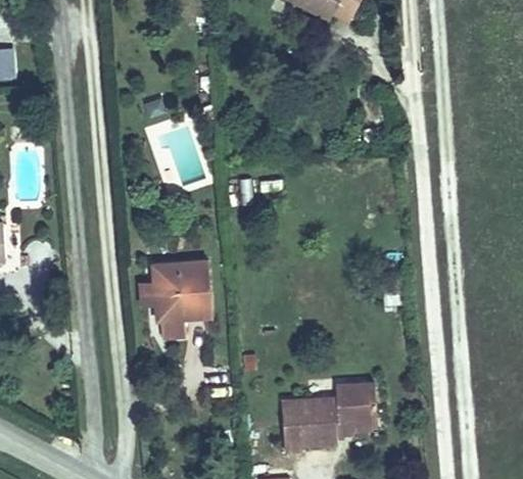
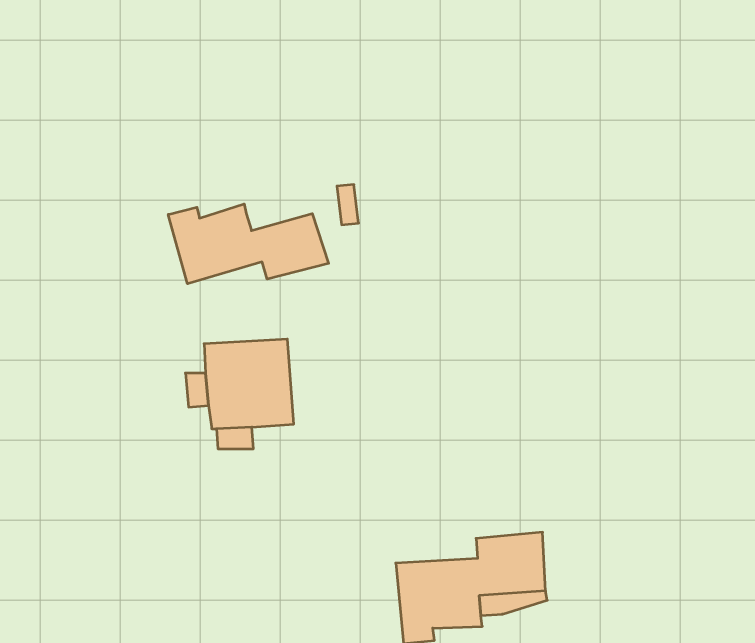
building: none -> [168,204,329,284]

